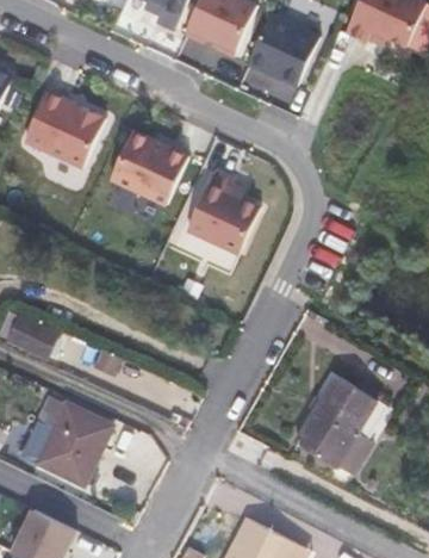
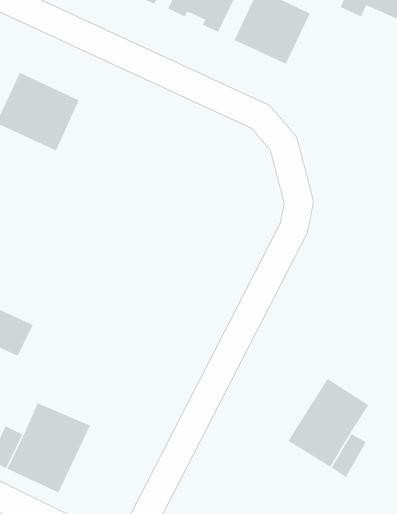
building: [111,132,187,202] -> none
building: [186,170,259,254] -> none

